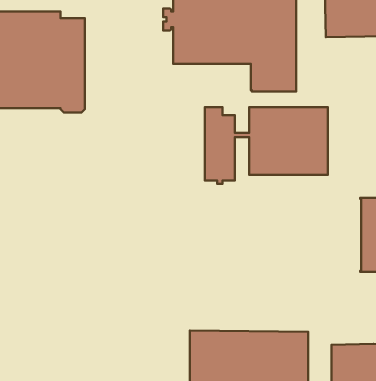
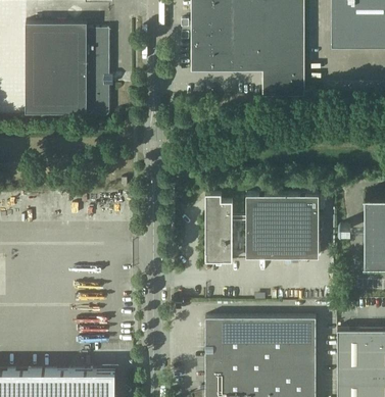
building: [205,107,328,184] -> [205,196,319,266]

